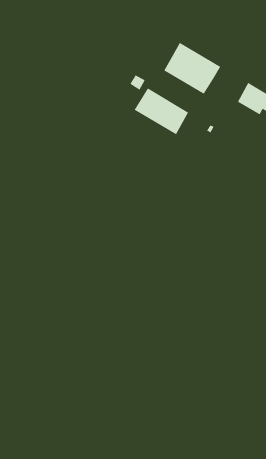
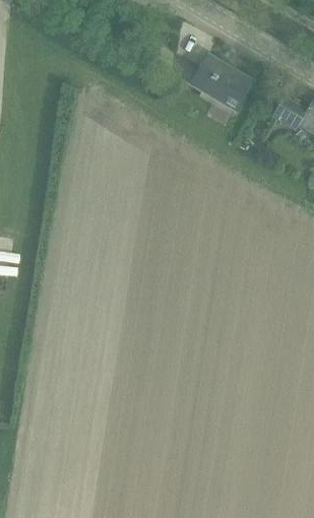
building: [134,88,189,135] -> none

